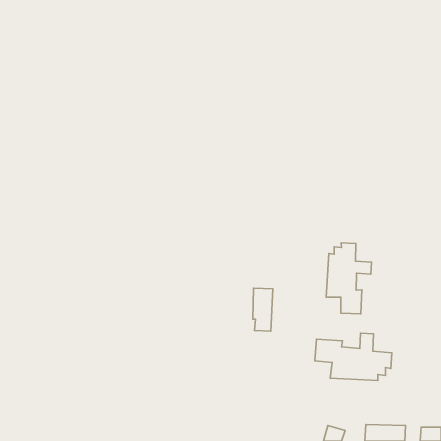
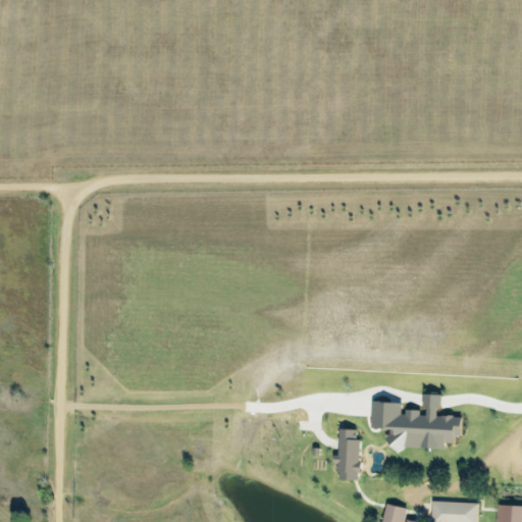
building: [326,243,371,314] -> none
building: [253,288,273,331] -> [336,428,360,479]

